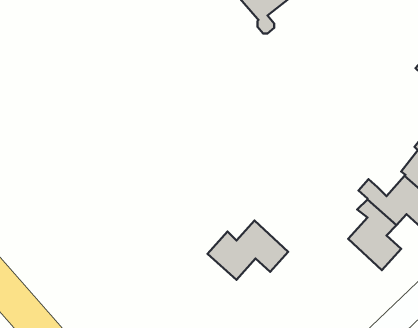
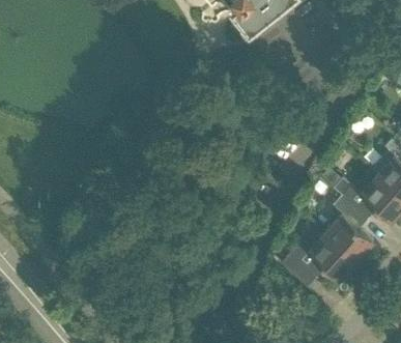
building: [207,220,288,280] -> [282,233,356,288]

